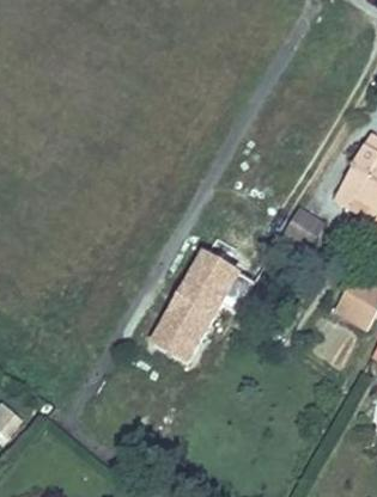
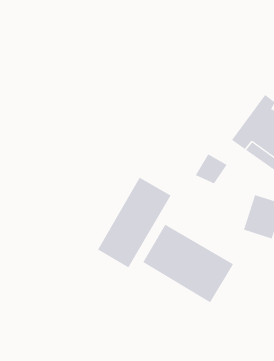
building: none -> [142,224,234,303]

